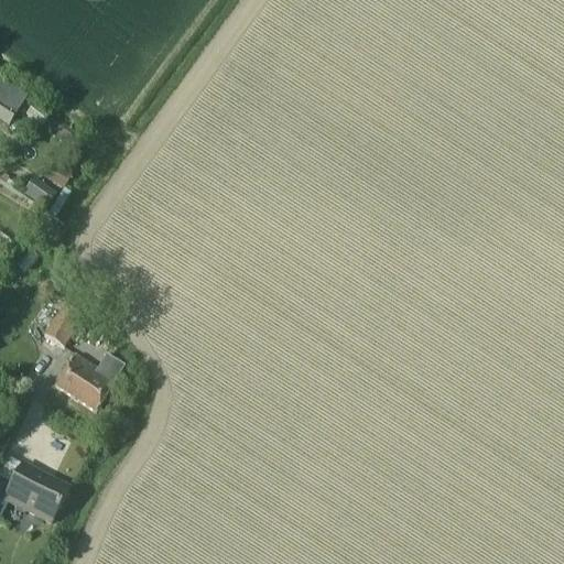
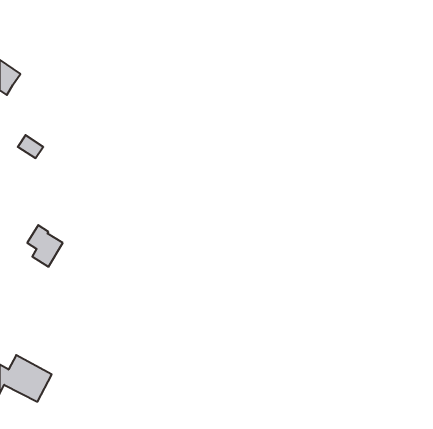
building: [54,351,123,409] -> none

